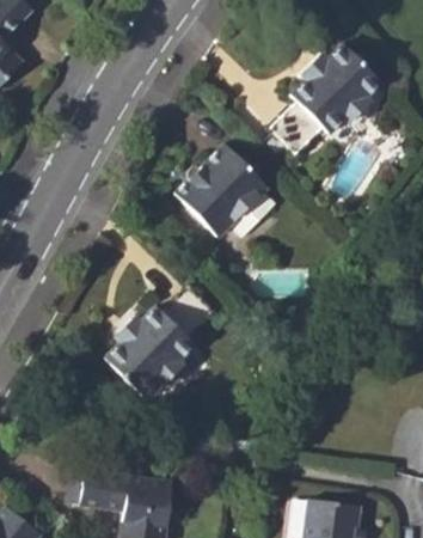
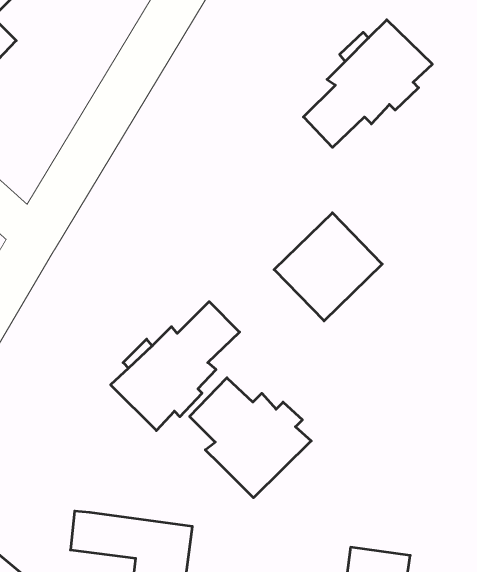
building: [176,145,269,238] -> [274,213,382,321]
building: none -> [190,378,311,498]

